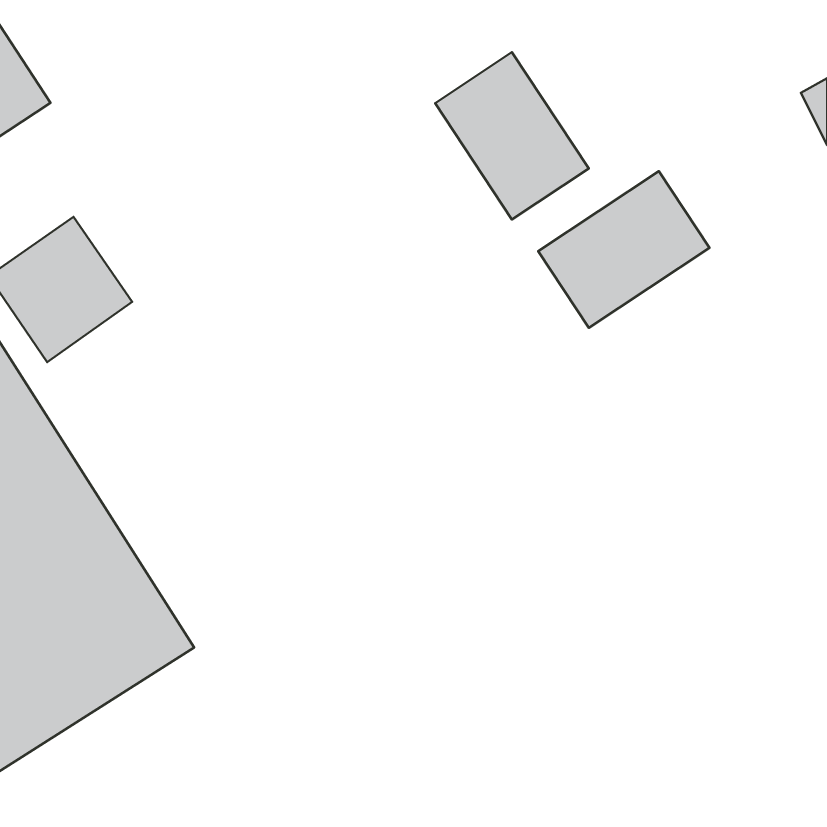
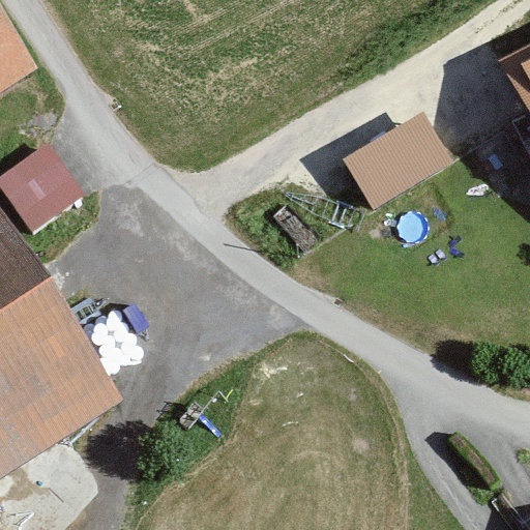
building: [435,52,589,219] -> none

